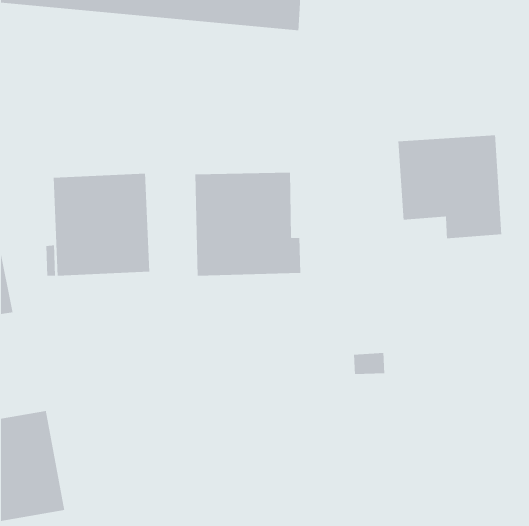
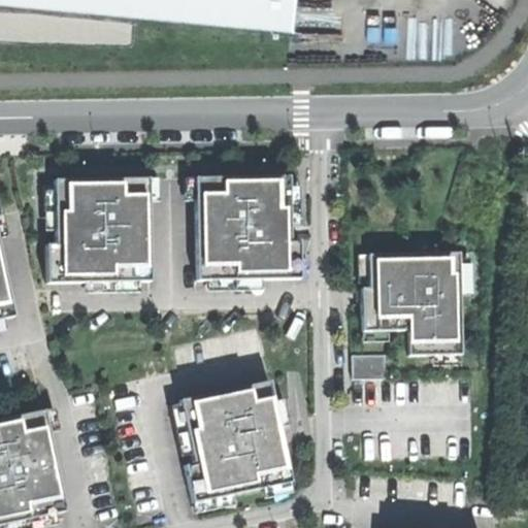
building: [398,134,502,239] -> [356,248,460,352]
building: none -> [172,378,290,499]

